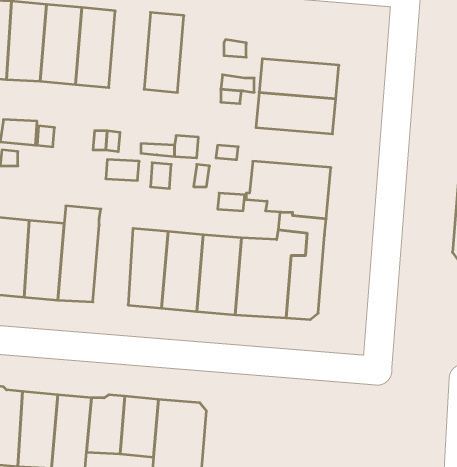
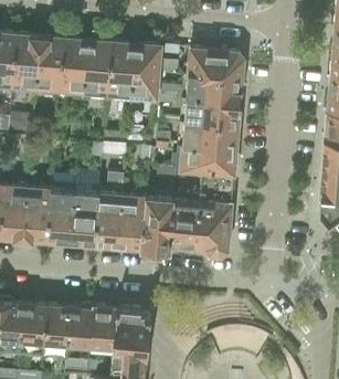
building: none -> [83,40,112,94]
building: none -> [130,43,160,102]
building: none -> [189,48,243,77]
building: none -> [182,120,237,148]
building: none -> [72,183,100,243]

